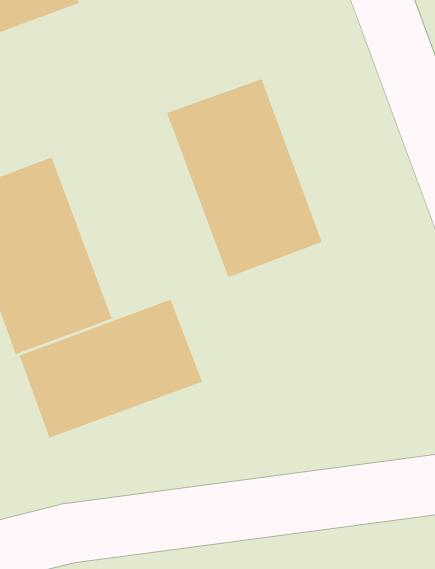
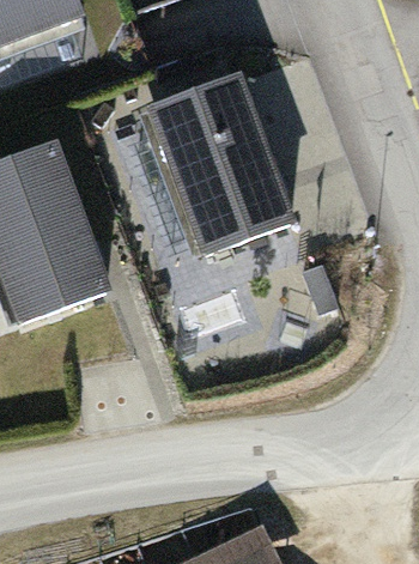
building: [19,299,203,438] -> none

